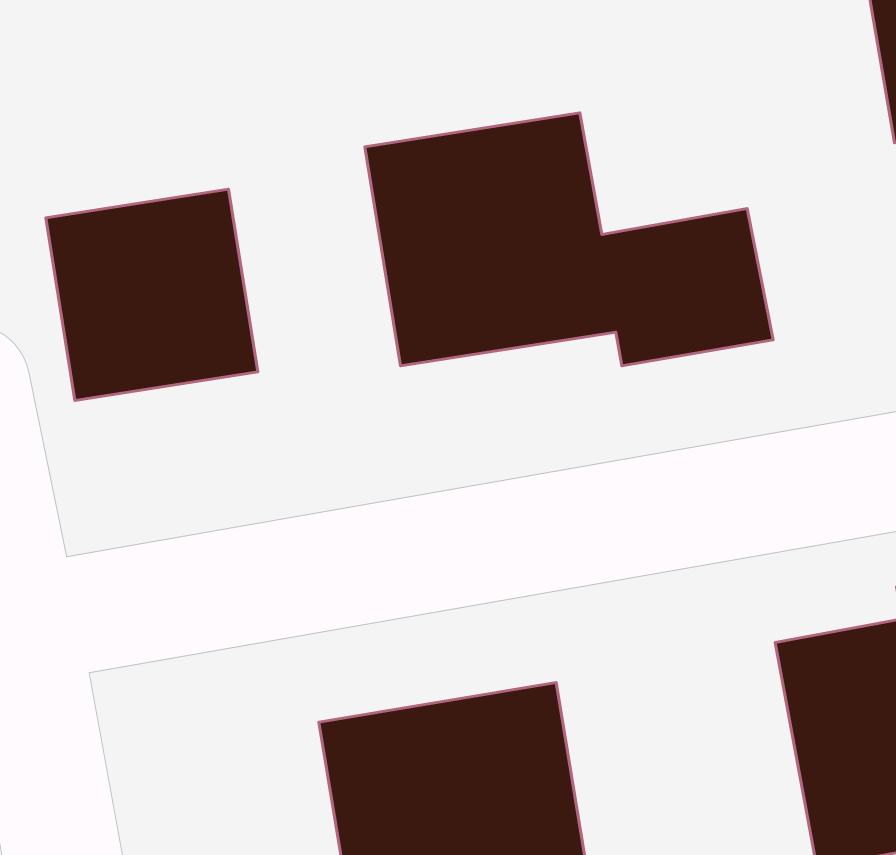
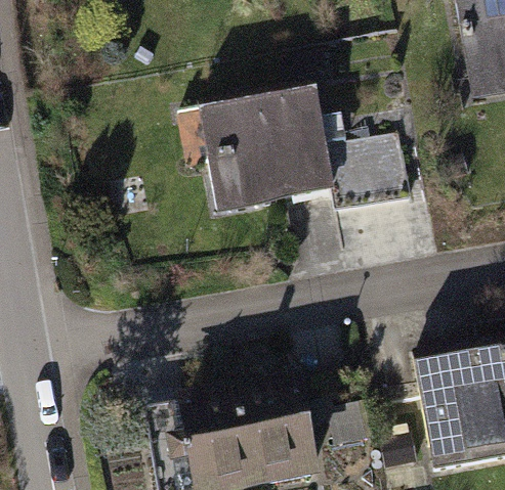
building: [46,189,258,401] -> none

